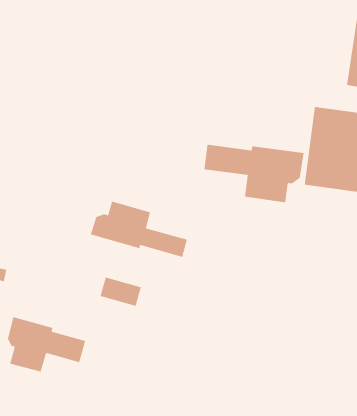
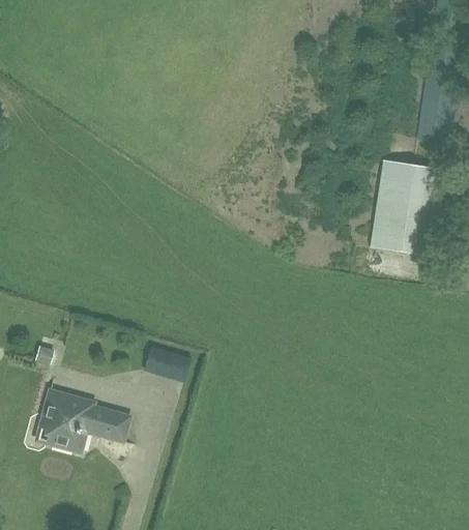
building: [204,144,305,203] -> none
building: [90,200,188,258] -> none

